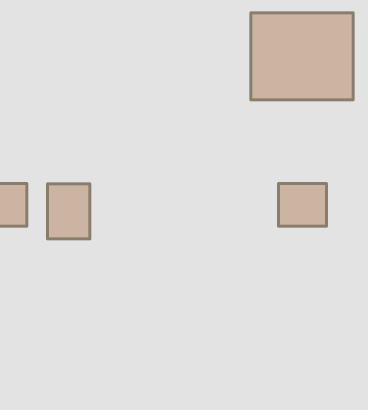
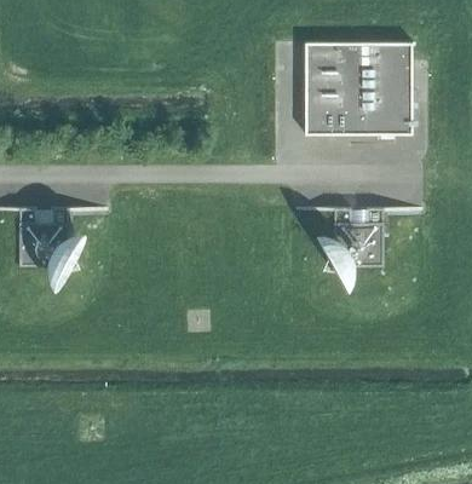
building: [48,184,90,239] -> none

